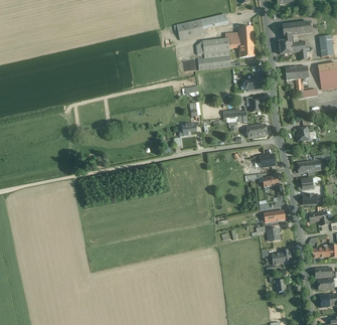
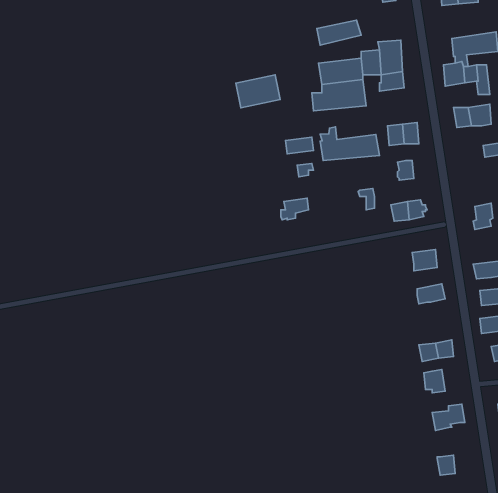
building: [177,19,204,39] -> [236,75,280,108]
building: none -> [320,127,379,161]

